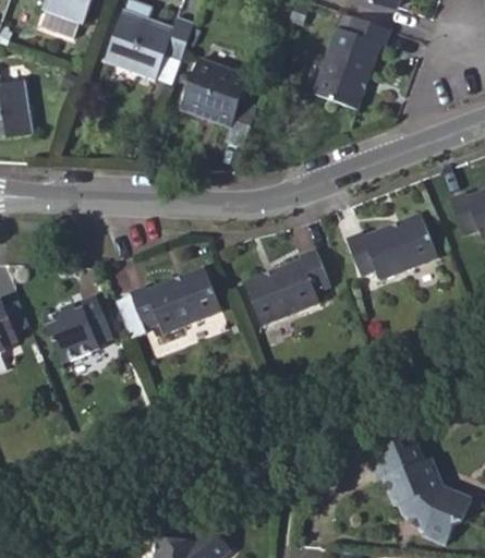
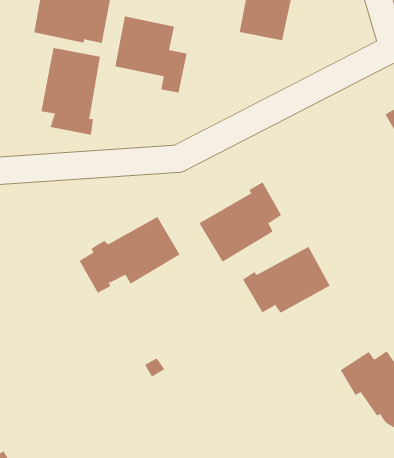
building: none -> [41,47,100,135]
building: [347,215,436,279] -> [242,246,331,314]
building: [45,294,111,363] -> none

